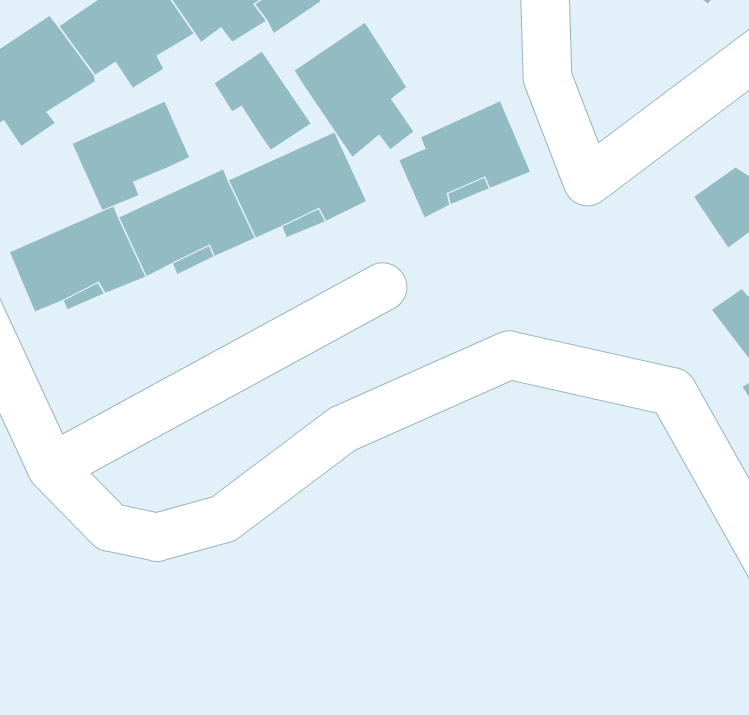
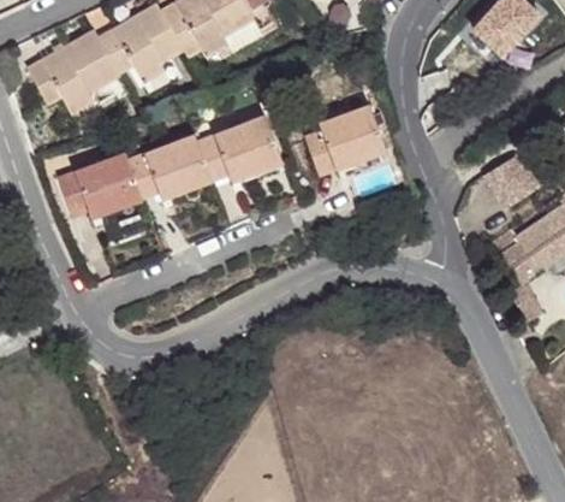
building: [294,22,414,158] -> none
building: [214,51,312,151] -> none
building: [72,101,190,211] -> none

